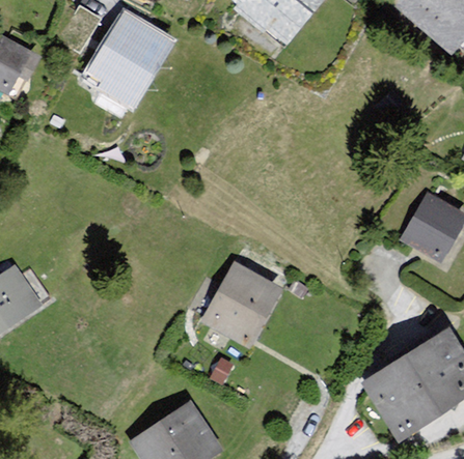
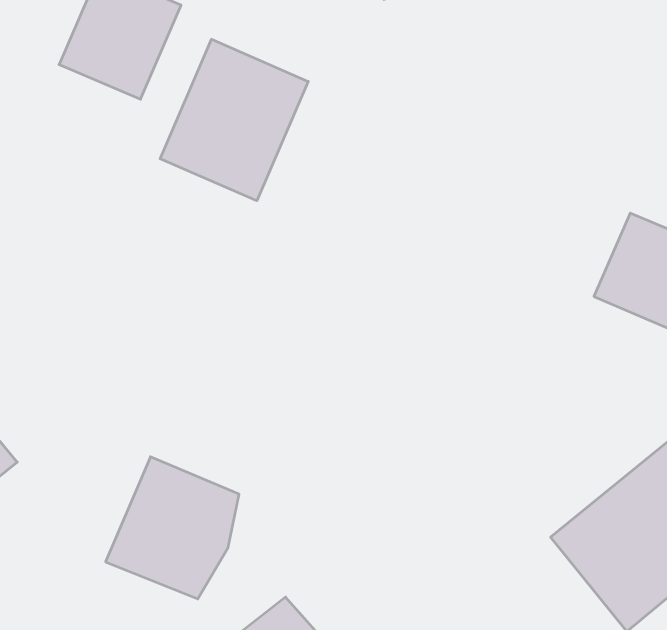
building: none -> [160,39,308,201]
building: [202,261,285,348] -> [106,457,239,599]

